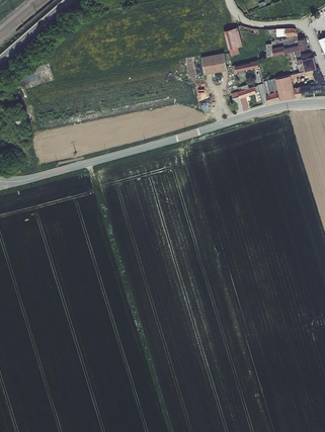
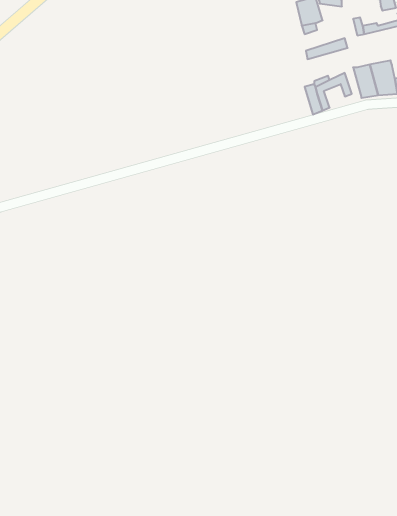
building: [201,53,228,74] -> none

